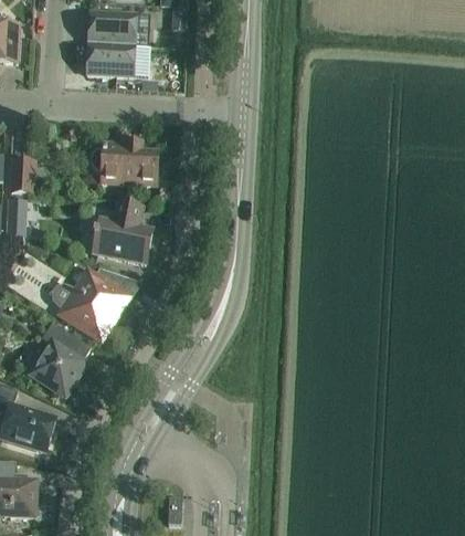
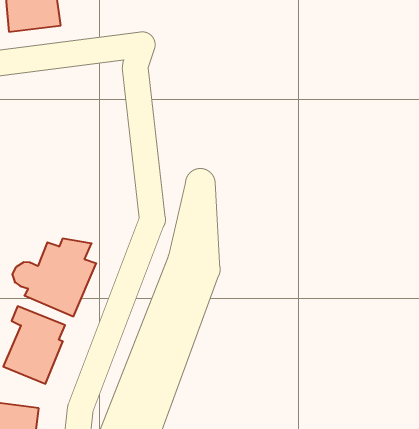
building: [91,141,158,185] -> none
building: [94,200,152,262] -> none

